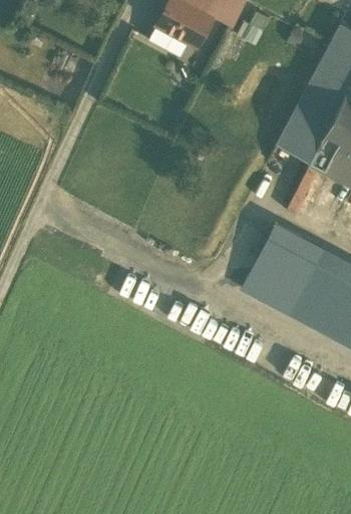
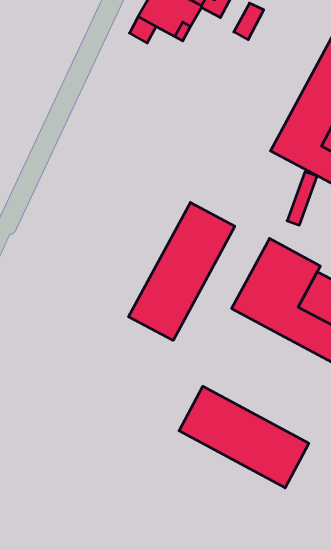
building: none -> [129,202,235,340]
building: none -> [179,386,309,488]

